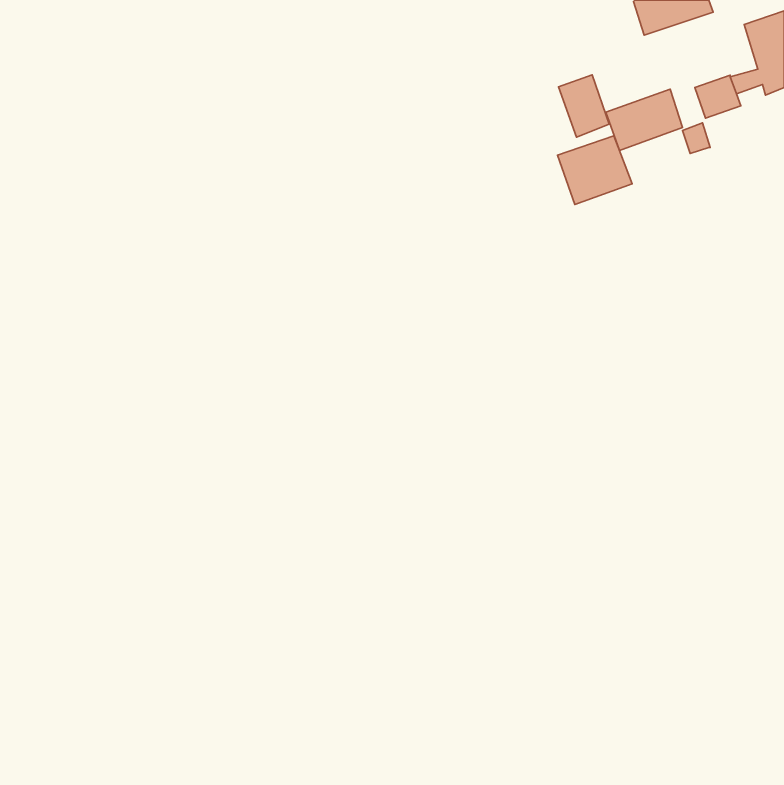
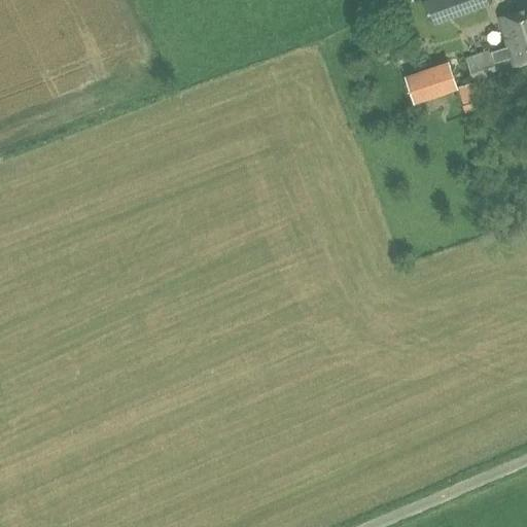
building: [558,75,609,137] -> none
building: [557,136,632,204] -> none

